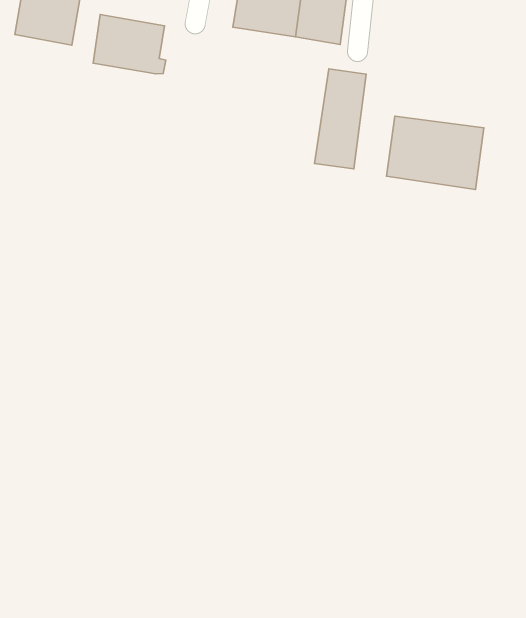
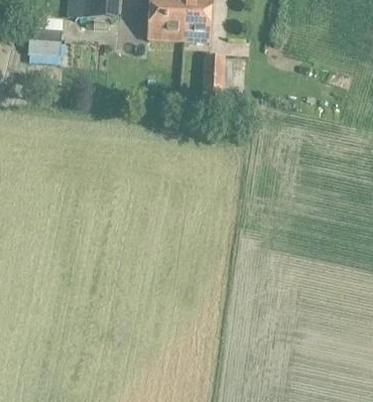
building: [93,15,166,74] -> none
building: [387,116,484,190] -> none

